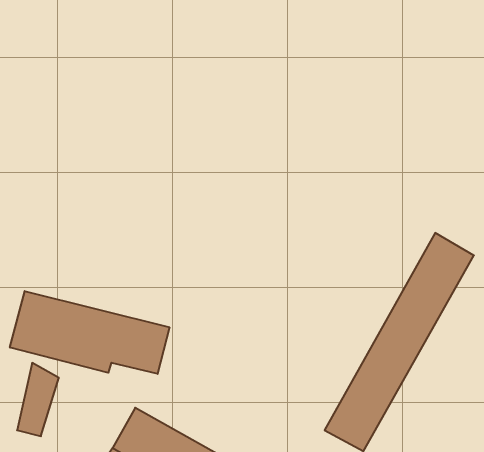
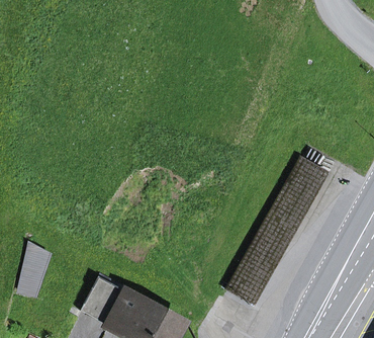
building: [10,291,169,374] -> none

